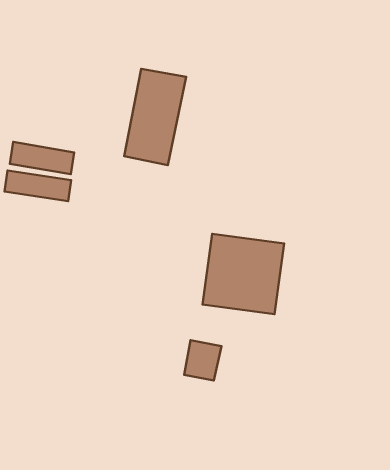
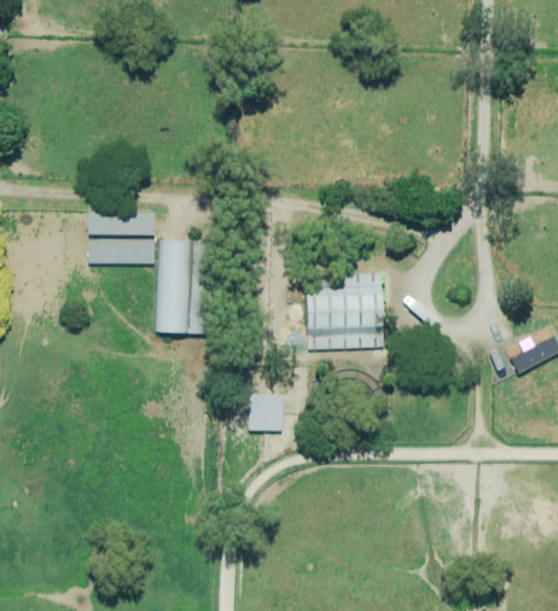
building: [124,69,186,165] -> [158,240,209,334]
building: [184,340,221,381] -> [246,394,280,431]

